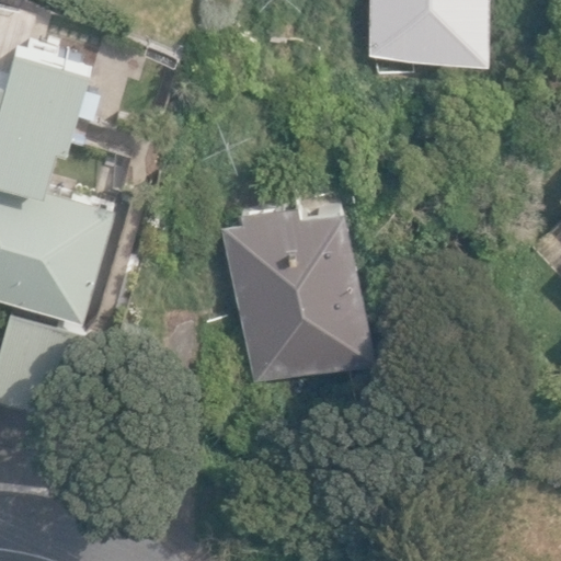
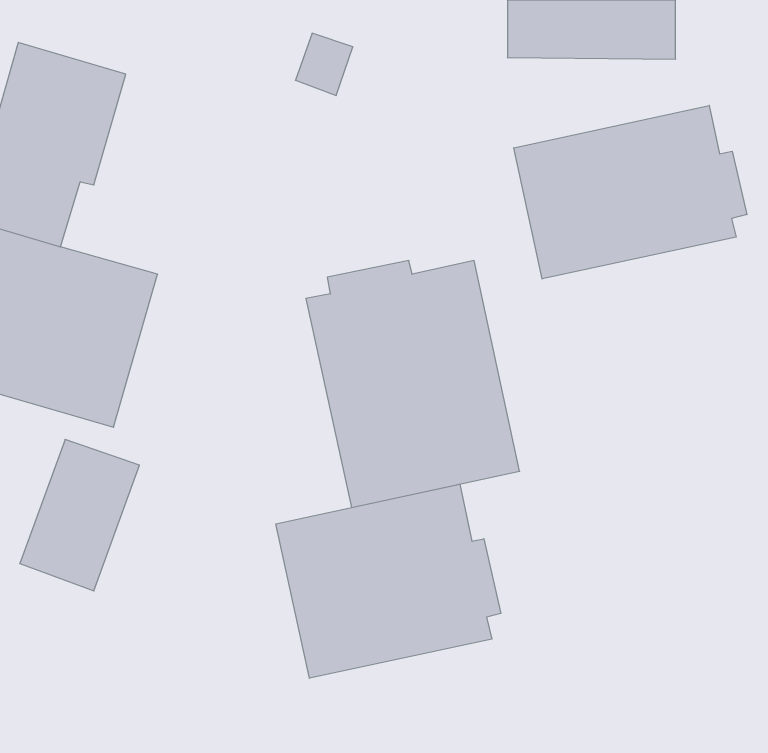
building: none -> [514,105,747,279]
building: none -> [276,484,501,678]

